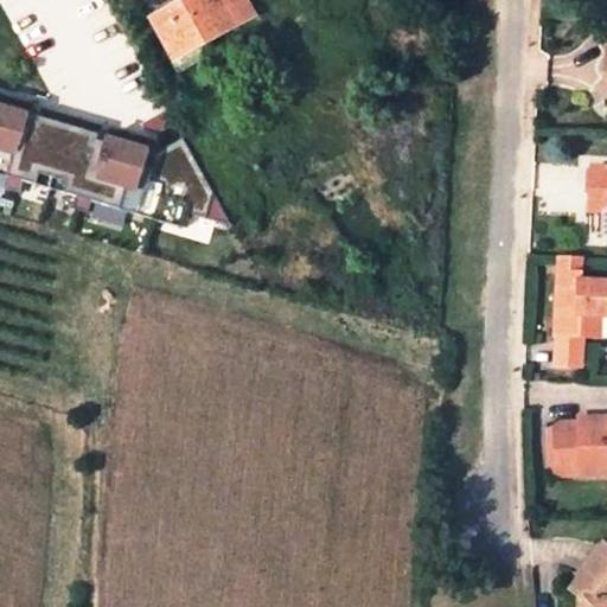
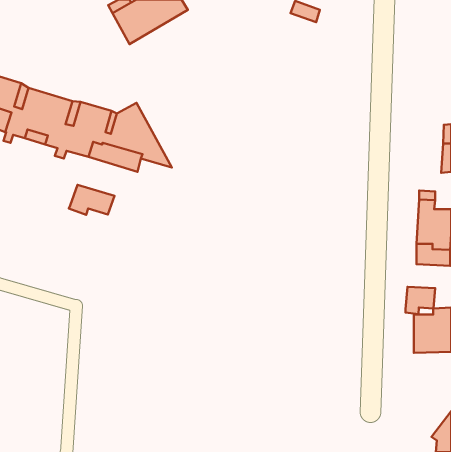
building: none -> [69,185,114,215]
building: none -> [405,287,435,314]

